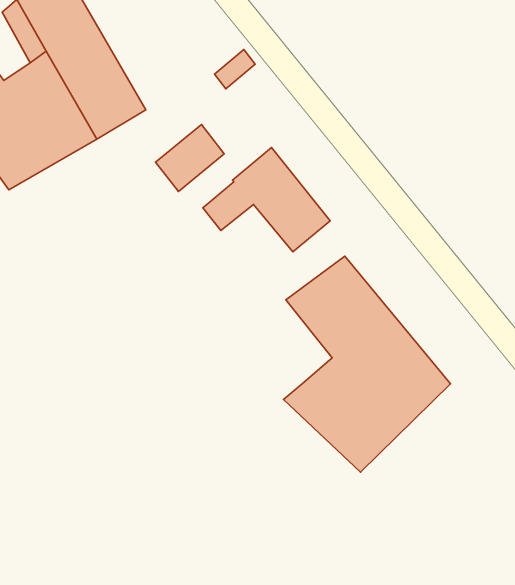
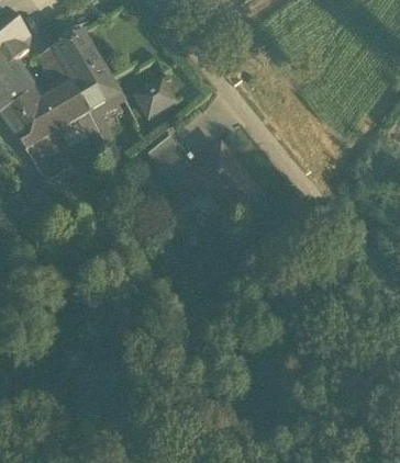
building: none -> [136,76,174,111]
building: [283,256,450,472] -> none

